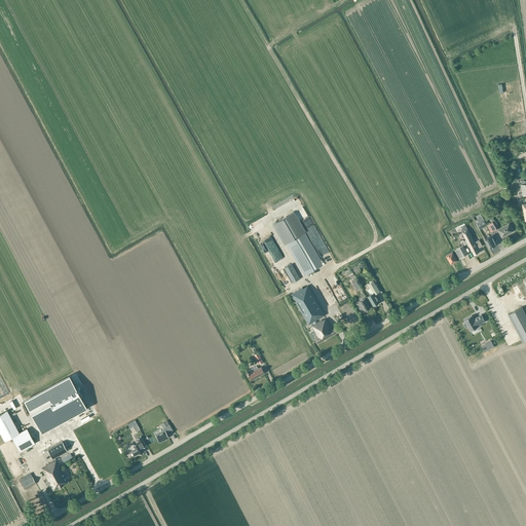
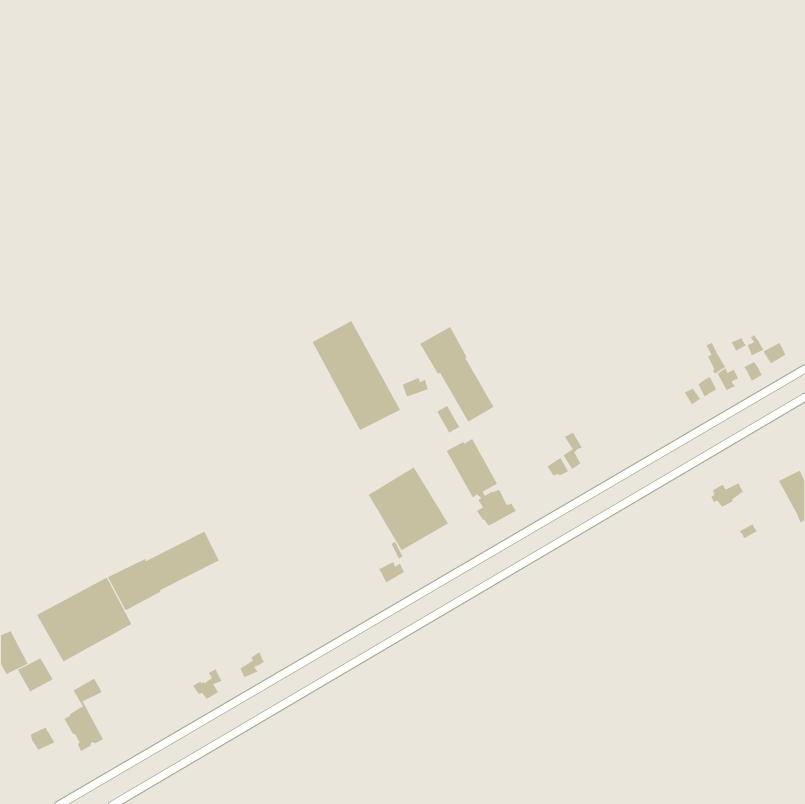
building: none -> [312,320,401,431]
building: none -> [368,466,449,551]
building: none -> [107,531,219,611]

